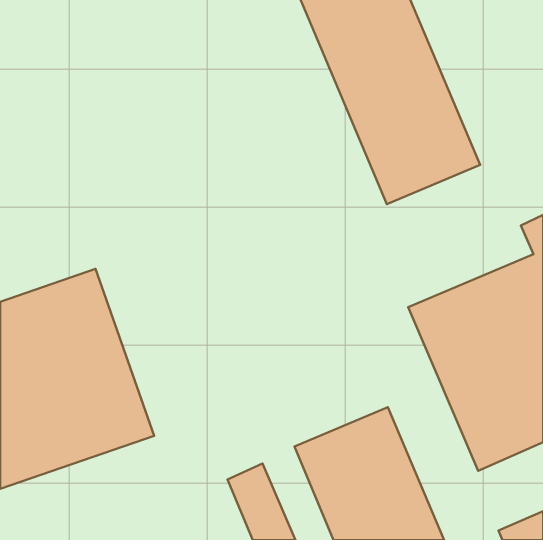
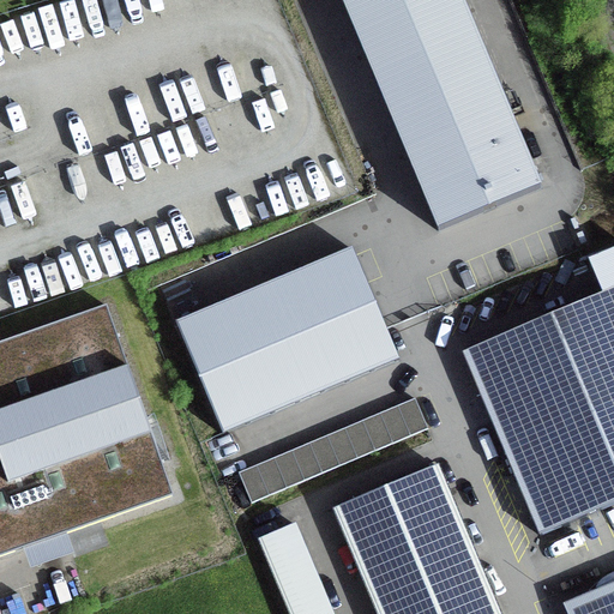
building: none -> [174,248,398,433]
building: none -> [243,399,426,502]

